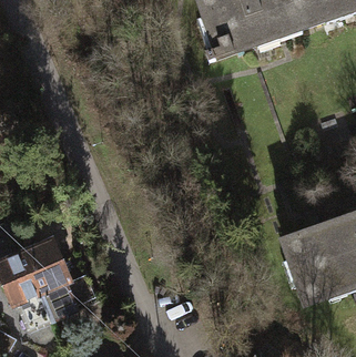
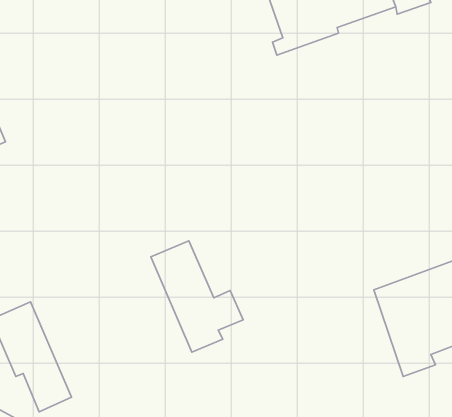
building: [23,236,93,320] -> [151,241,243,352]

